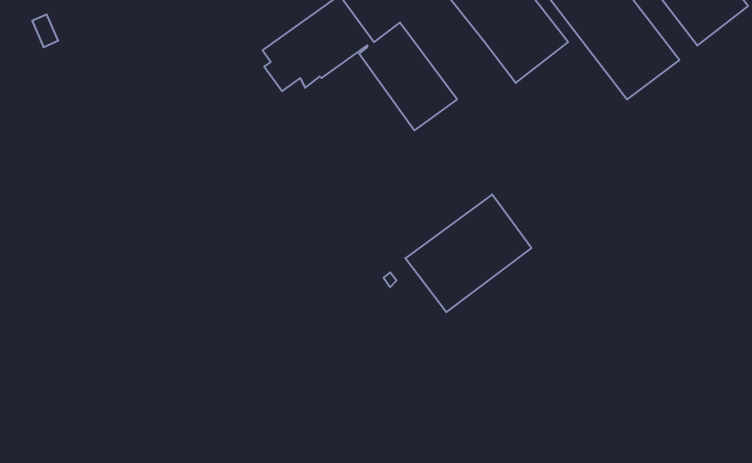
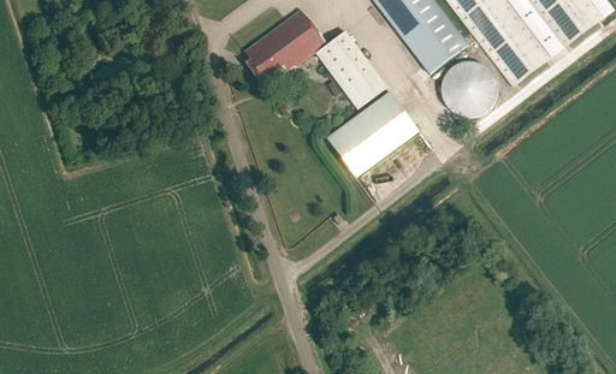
building: none -> [443,61,496,113]
building: [405,194,531,312] -> [325,89,417,176]

